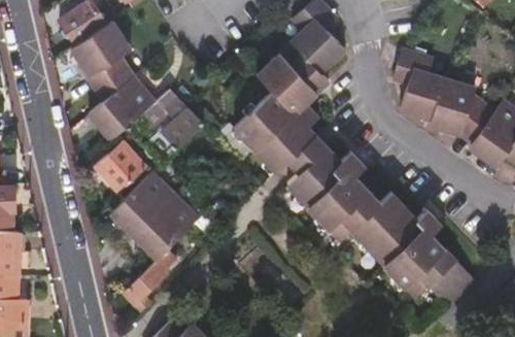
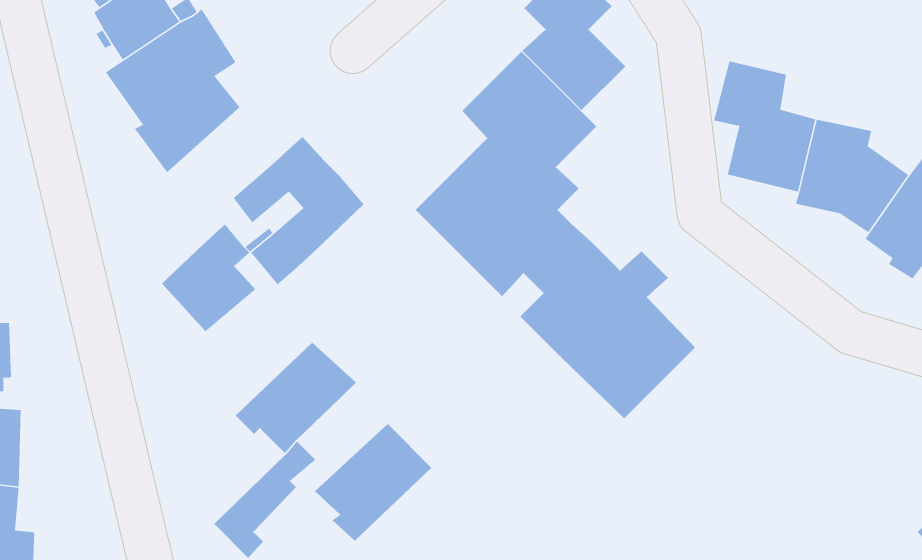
building: [83,73,159,143] -> none
building: [112,174,175,237] -> [314,423,432,542]
building: [351,190,476,303] -> none

